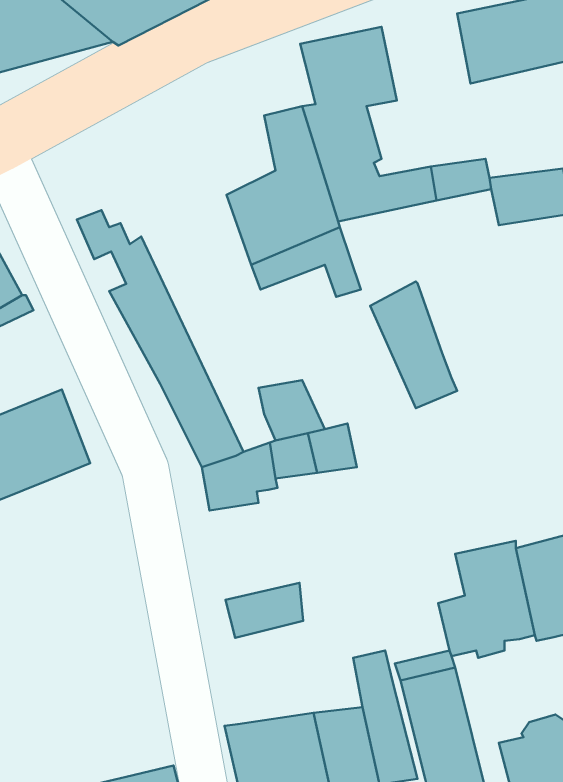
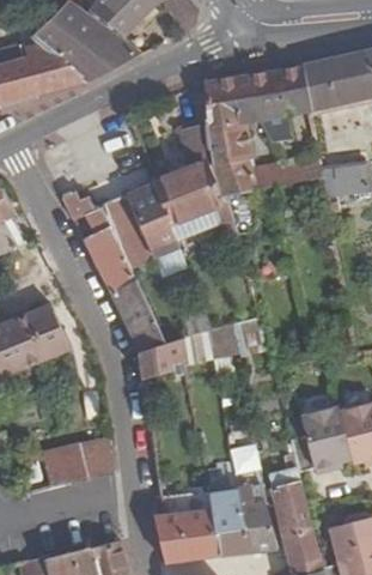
building: none -> [254,65,311,120]
building: [370,281,457,408] -> [126,178,181,259]
building: [226,583,303,638] -> [66,448,115,483]

